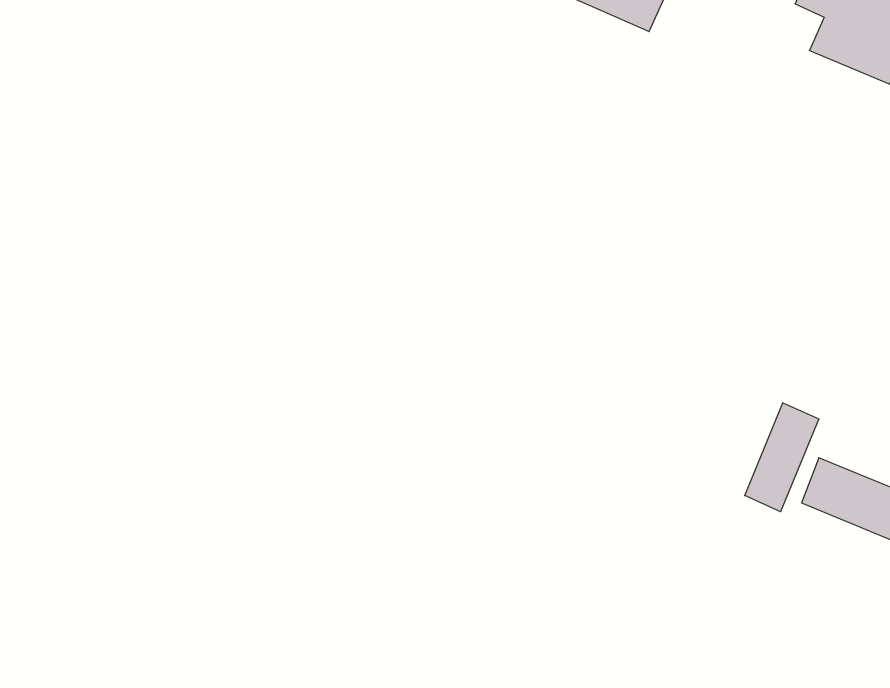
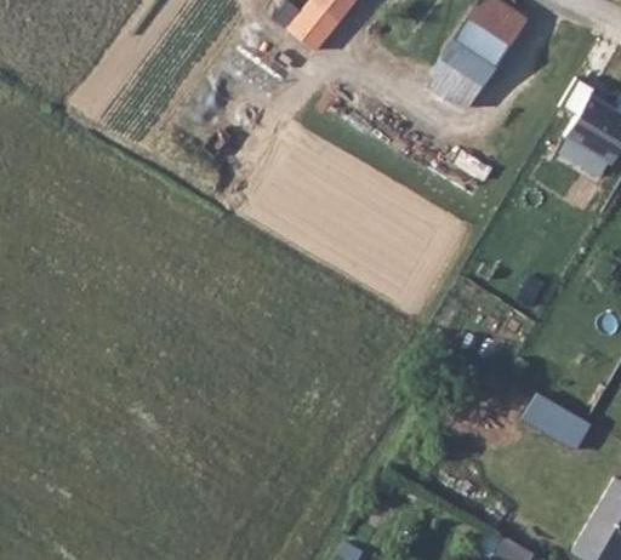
building: [745,403,819,512] -> none

